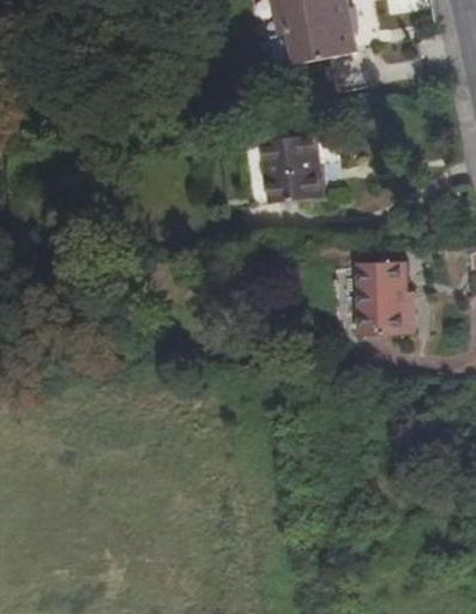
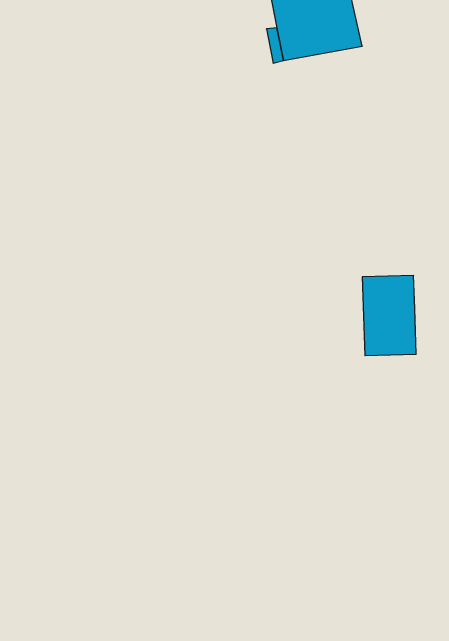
building: [266,134,323,203] -> none

